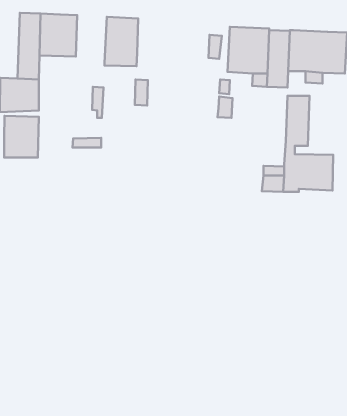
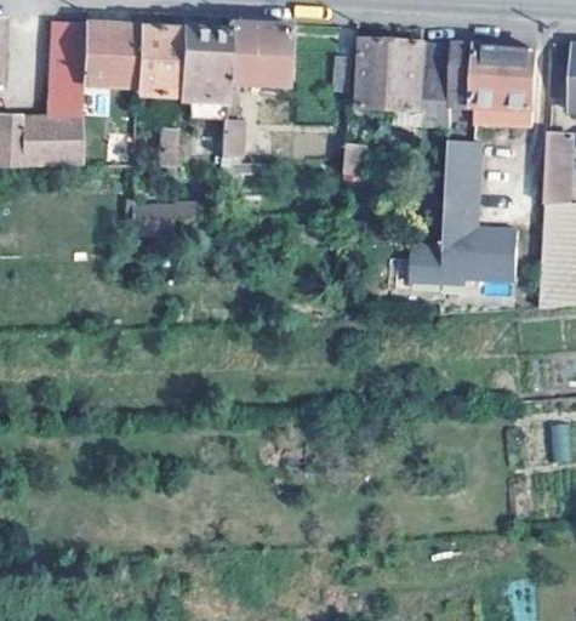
building: none -> [226,19,289,84]
building: none -> [135,23,181,93]
building: [4,116,39,157] -> none

